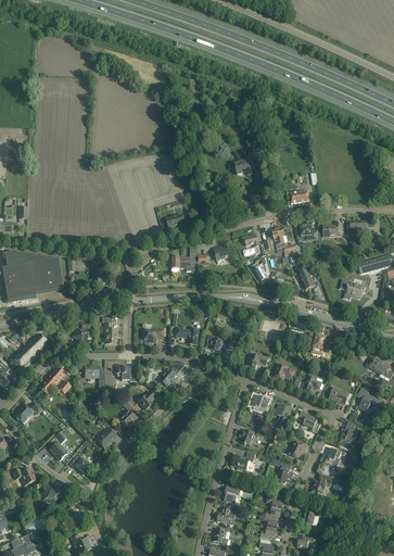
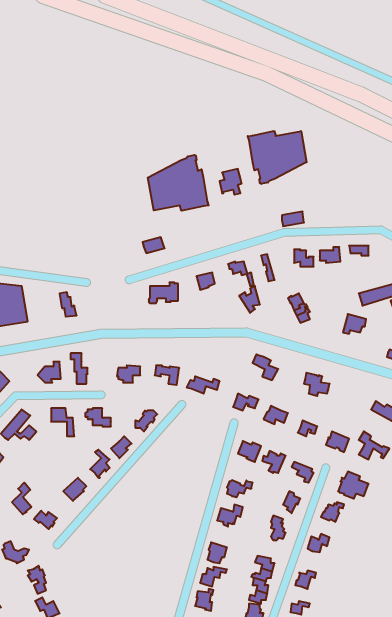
building: none -> [248,131,307,184]
building: none -> [148,155,209,211]

